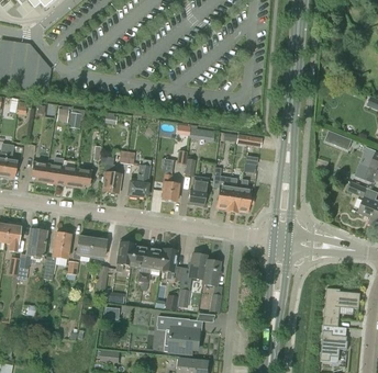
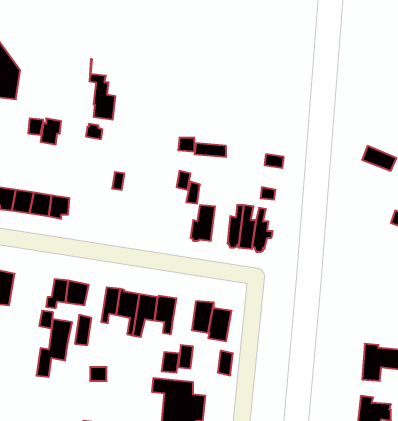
building: [99,145,120,193] -> [89,59,115,120]
building: [159,158,178,201] -> none
building: [127,159,151,196] -> none
building: [42,233,70,279] -> [36,319,72,377]

